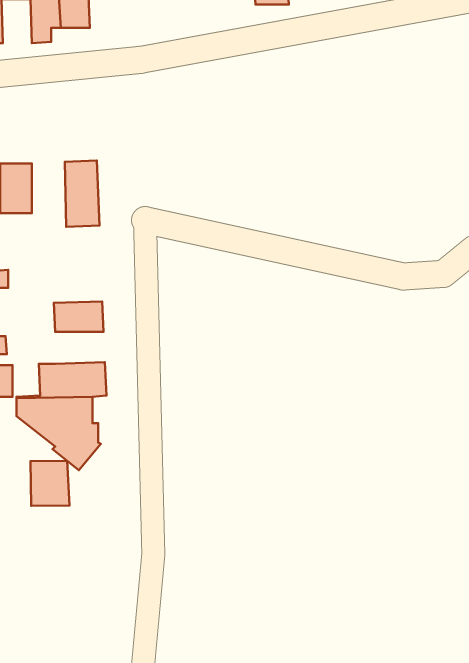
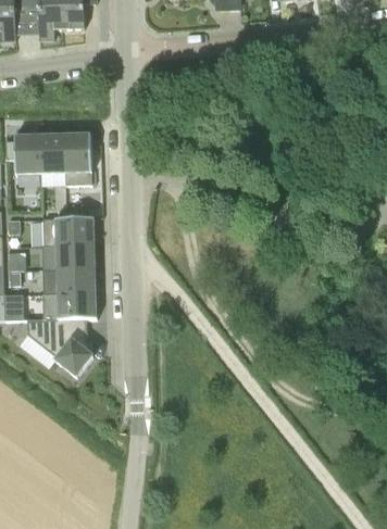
building: none -> [38,135,63,174]
building: none -> [41,217,93,244]
building: none -> [57,267,96,292]
building: [30,461,70,506] -> none

